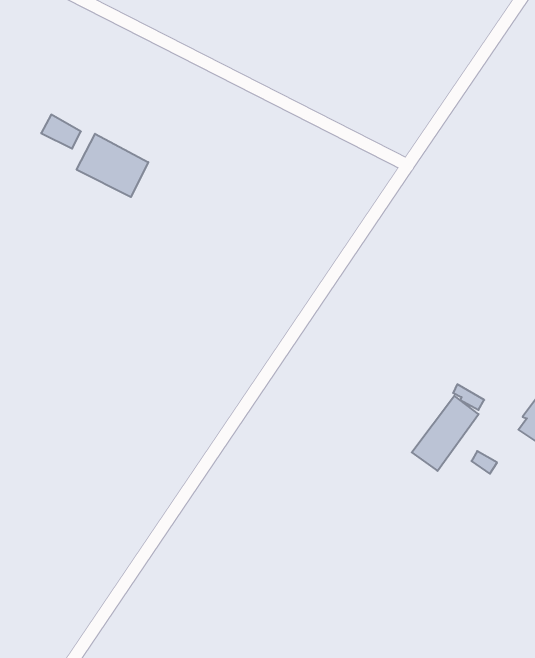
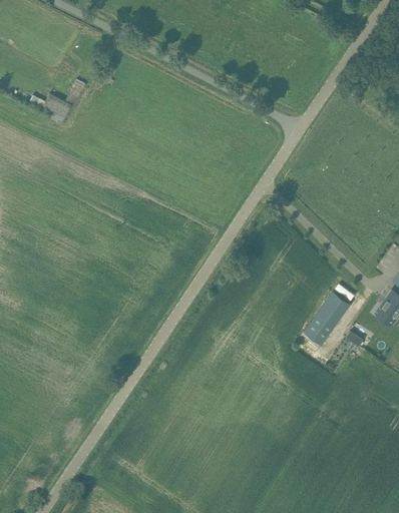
building: [77,134,148,197] -> none

